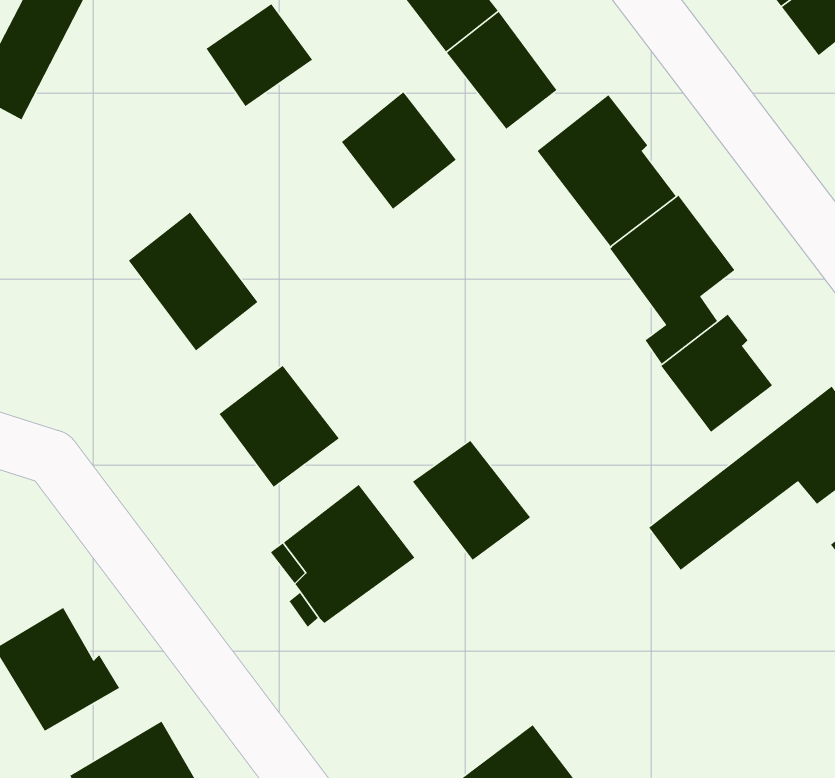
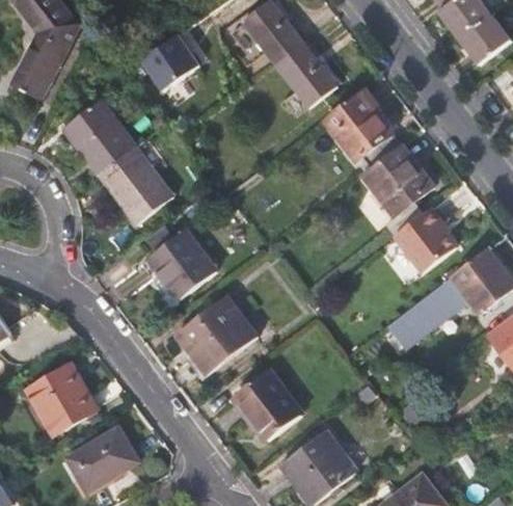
building: [341,91,457,210] -> none
building: none -> [64,105,134,177]
building: [412,440,531,561] -> [234,374,299,441]

